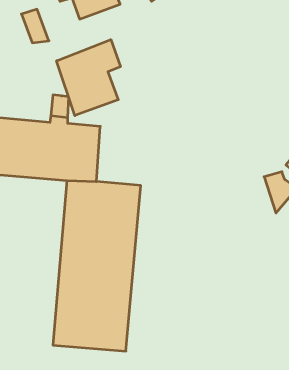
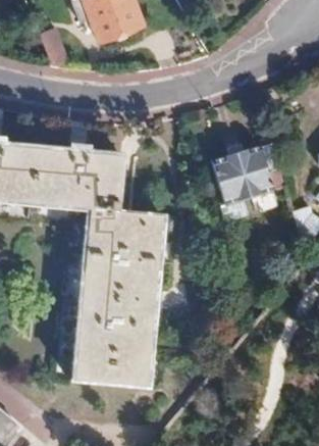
building: [57,40,120,116] -> none
building: none -> [212,142,285,224]

